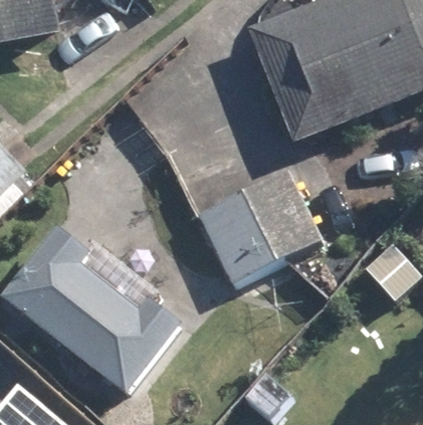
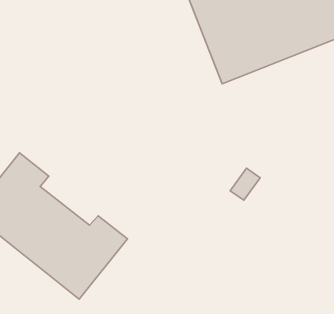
building: [196,167,320,280] -> none

